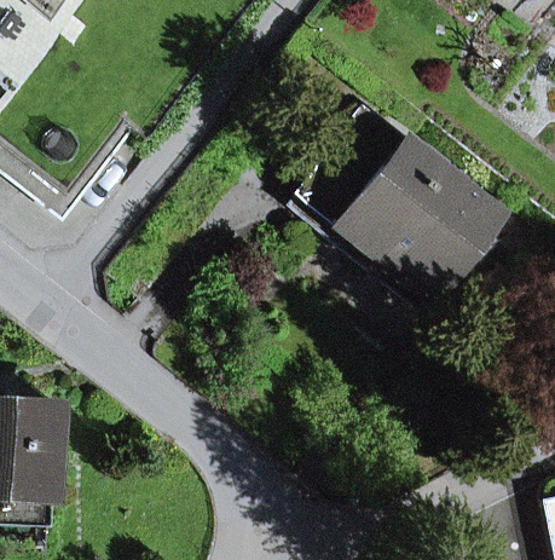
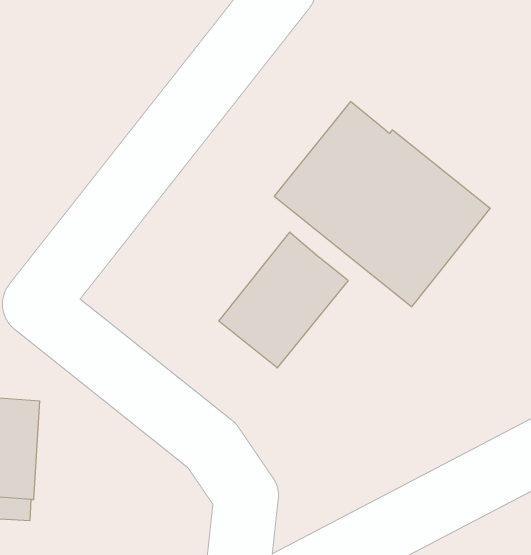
building: none -> [219,232,348,368]

